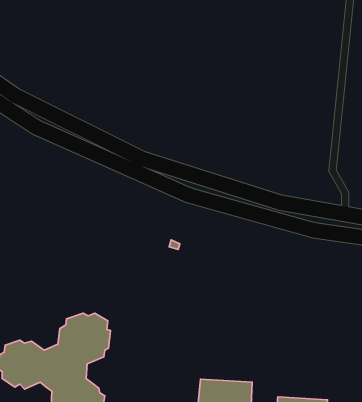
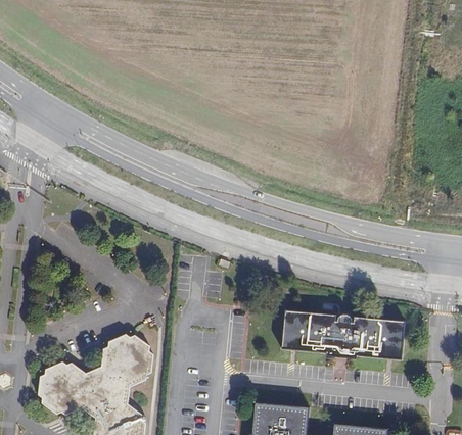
building: none -> [280,311,407,358]

